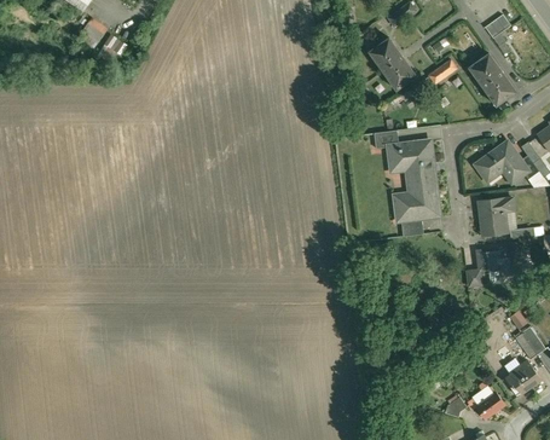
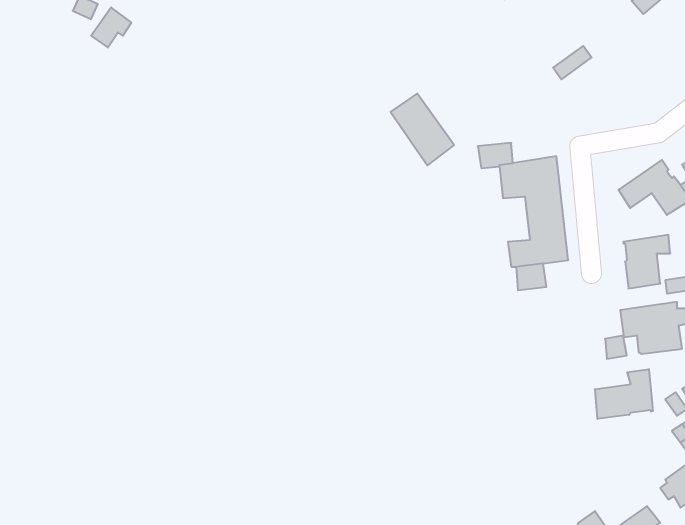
building: [370,40,416,92] -> [391,93,454,165]
building: [470,53,517,106] -> none
building: none -> [595,369,653,419]

